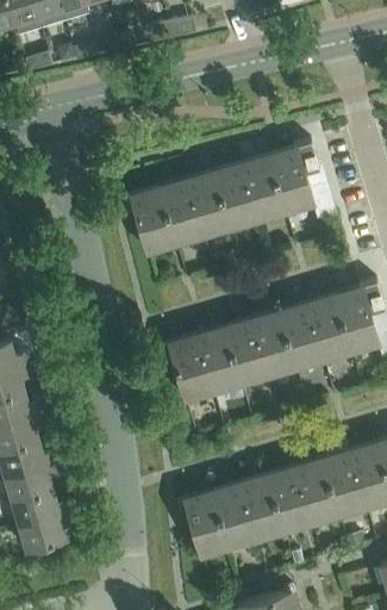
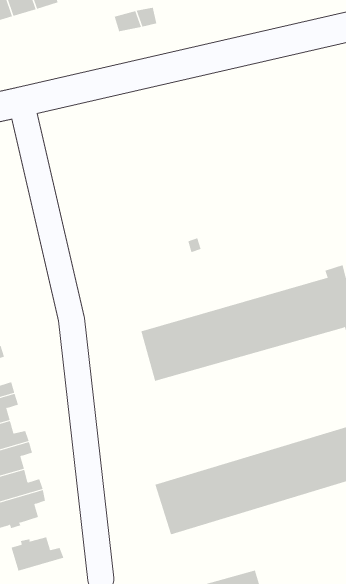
building: [131,139,335,256] -> none
building: none -> [11,537,64,572]

